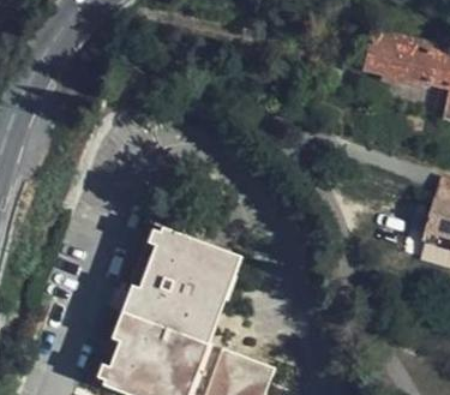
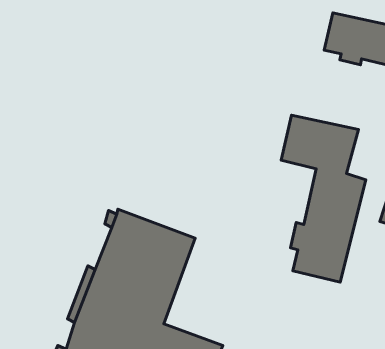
building: none -> [281,115,366,282]

